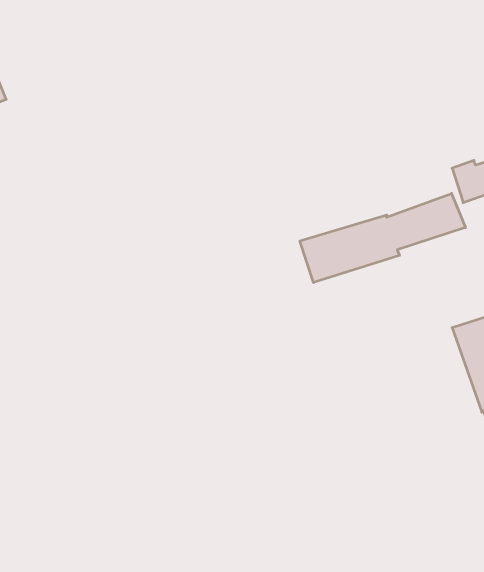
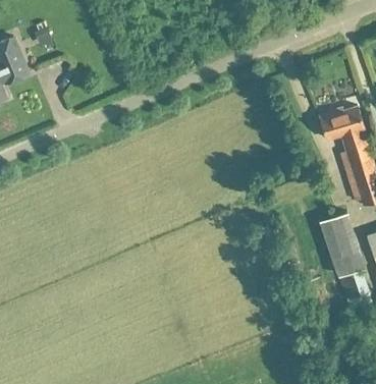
building: [300,193,465,283] -> none

